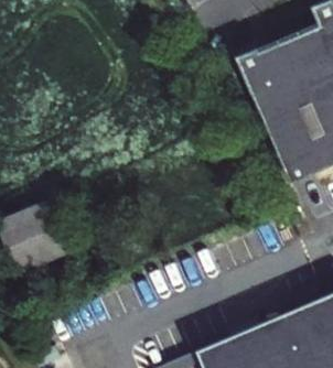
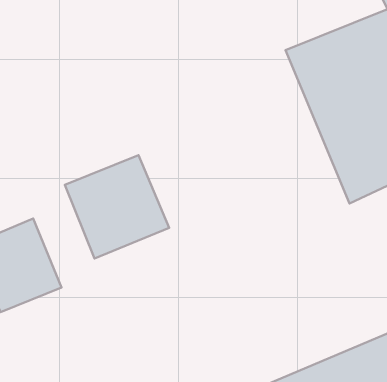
building: none -> [65,155,169,259]

